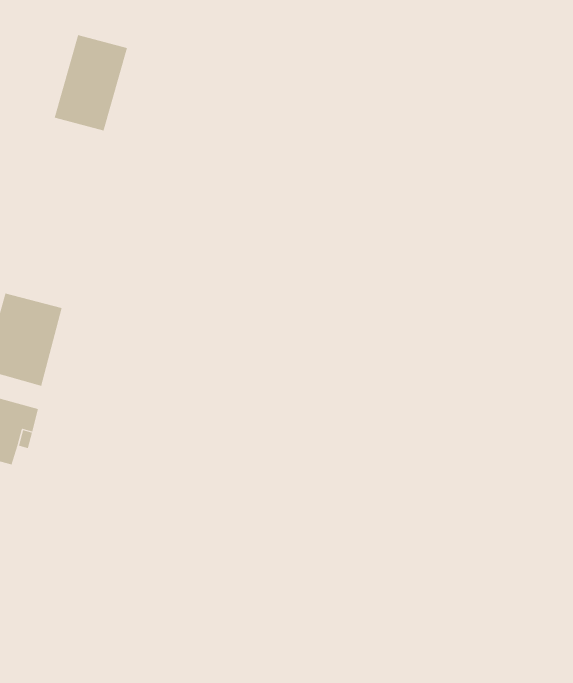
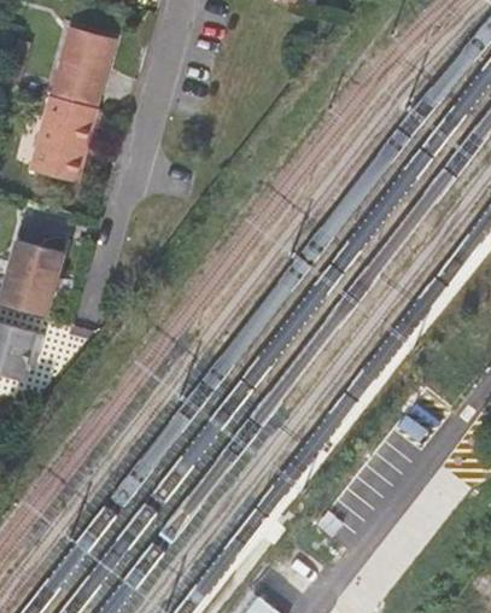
building: none -> [30,95,98,182]

